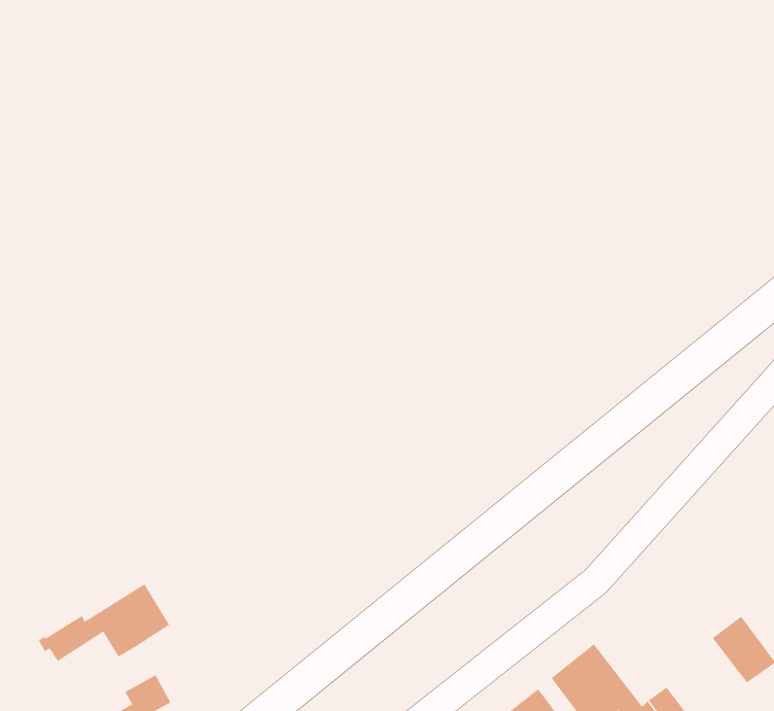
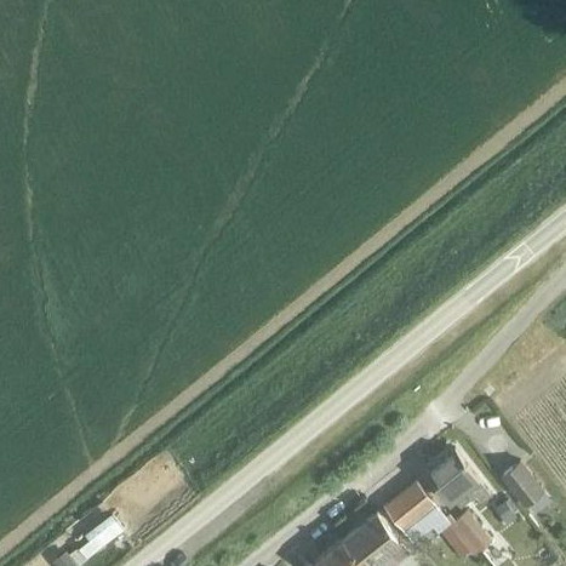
building: [38,584,170,662] -> none
building: none -> [427,452,491,508]

